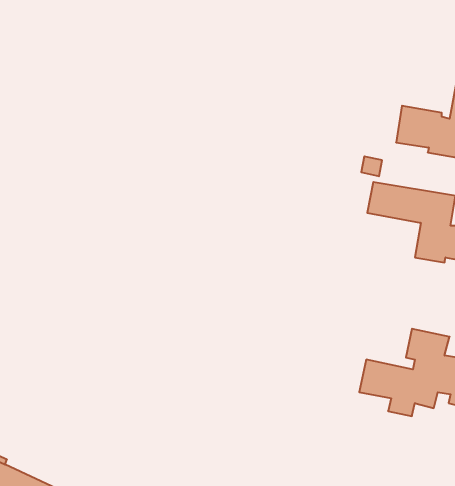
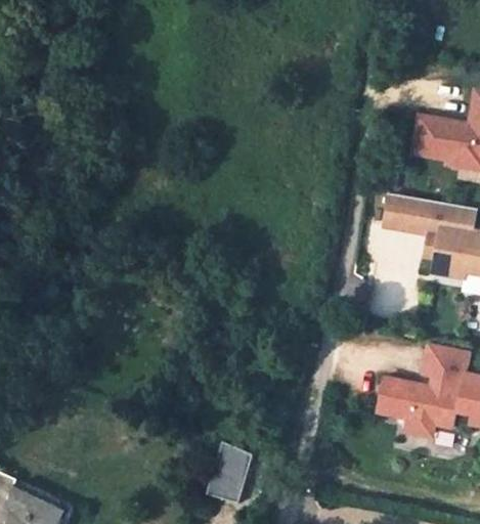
building: none -> [211,458,246,503]

